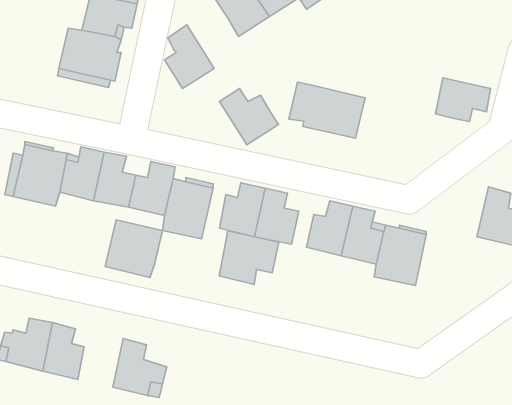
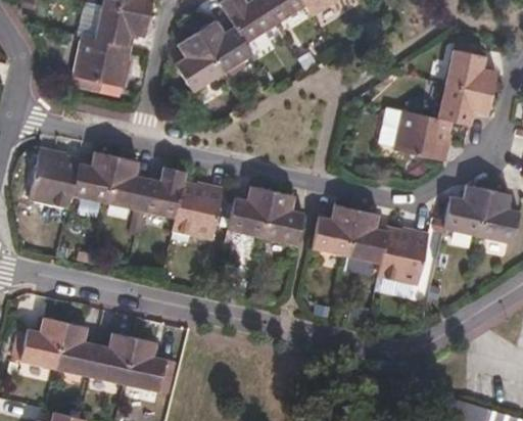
building: none -> [443,50,494,95]
building: [289,82,365,138] -> [379,108,453,162]
building: [219,89,279,145] -> [196,21,253,76]
building: none -> [441,186,487,238]
building: [105,220,162,278] -> none
building: [219,231,279,285] -> none
building: none -> [91,332,135,383]

